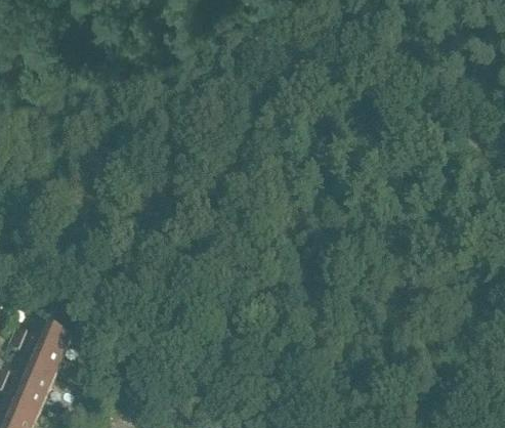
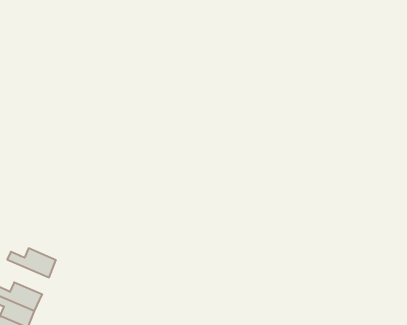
building: [9,336,62,378] -> none

